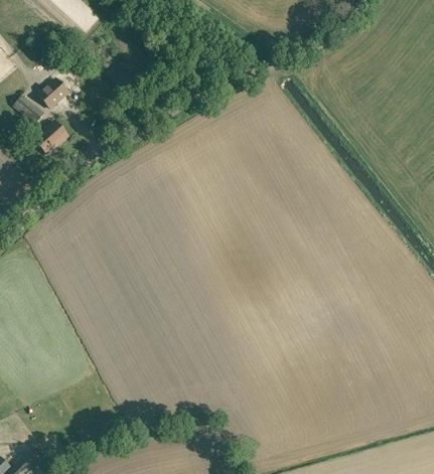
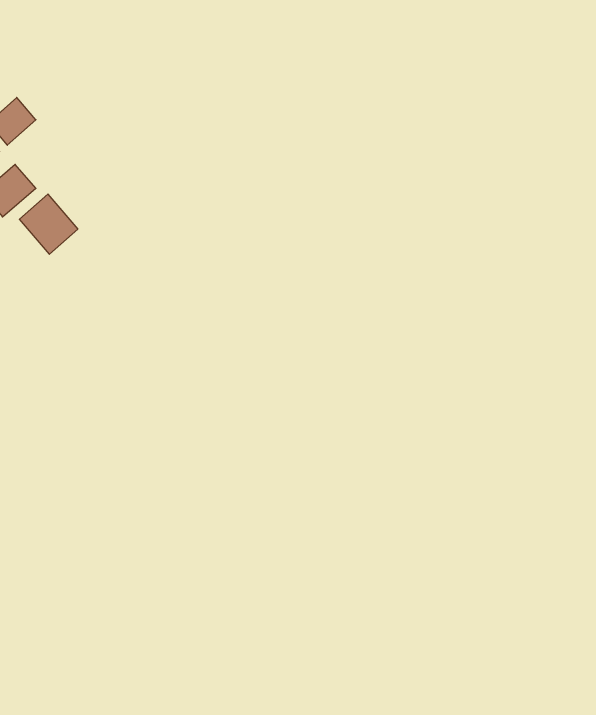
building: none -> [19,194,78,254]

